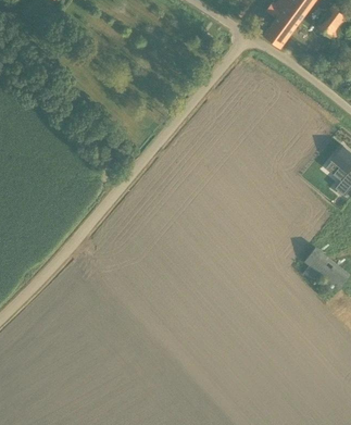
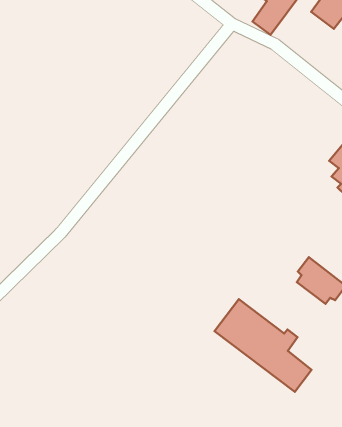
building: none -> [214,299,312,392]

